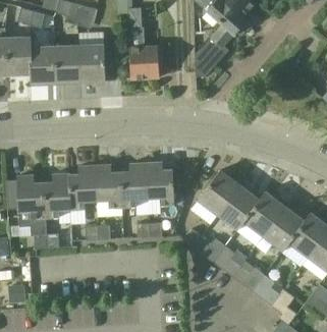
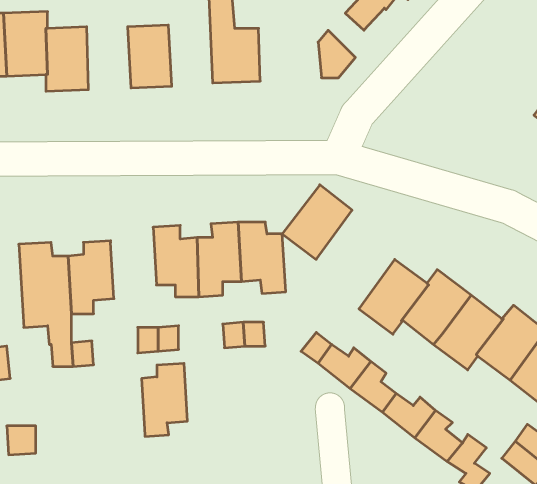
building: [55,46,81,84] -> none
building: [69,166,97,210] -> [142,363,187,436]
building: [198,170,239,215] -> [282,185,352,259]

